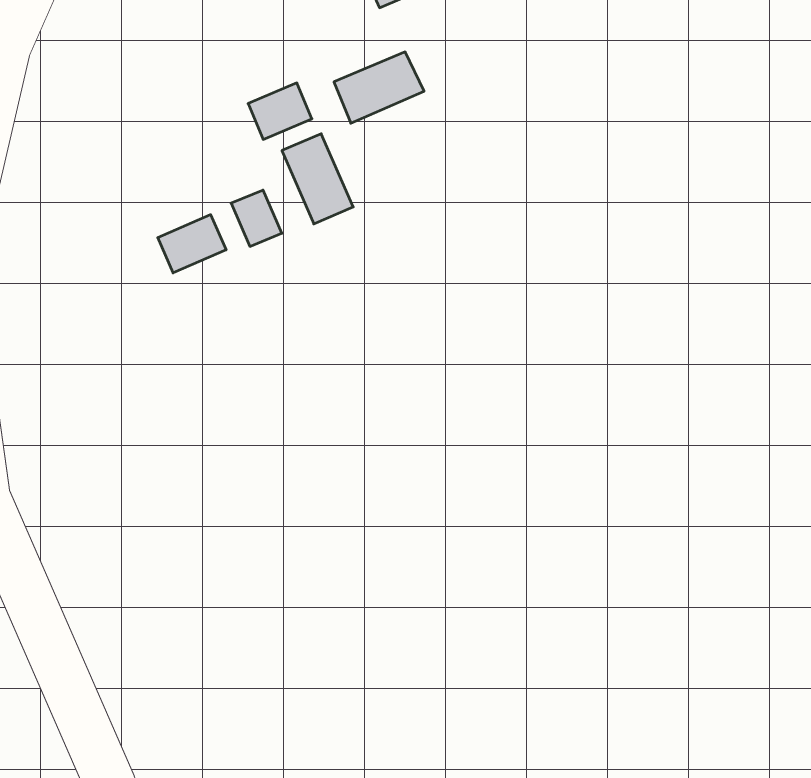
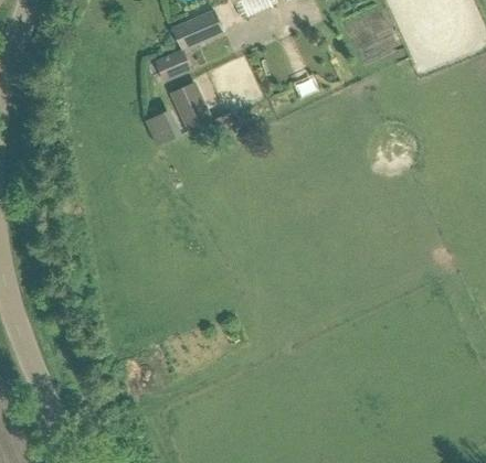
building: [334,52,424,123] -> [169,8,222,50]
building: [158,215,226,273] -> none

